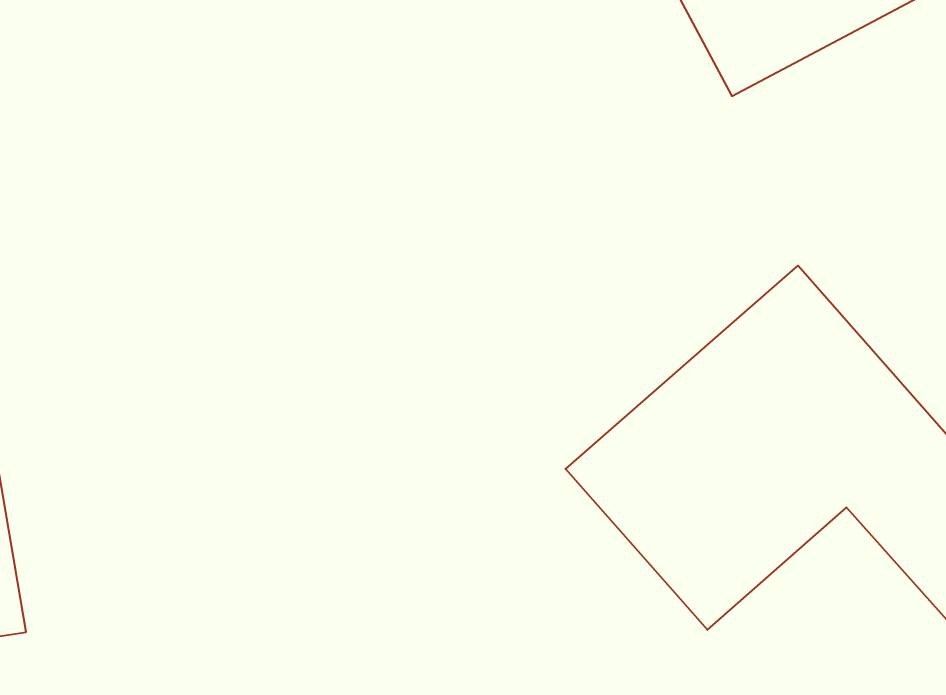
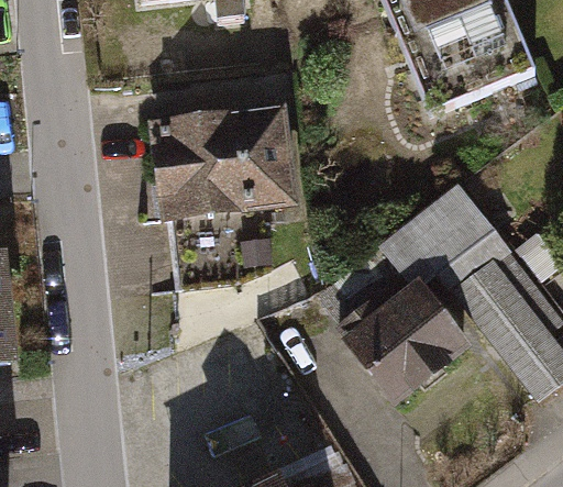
building: none -> [157,97,297,214]

